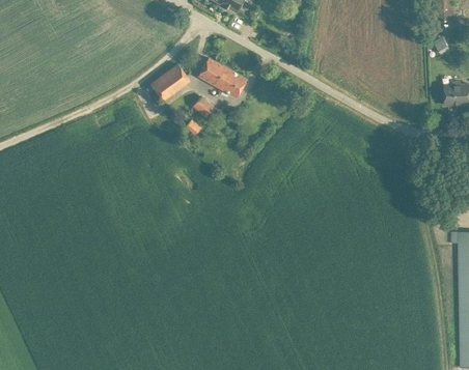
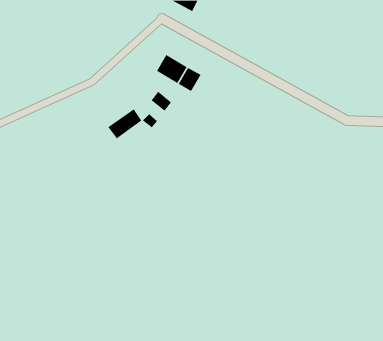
building: [149,64,186,96] -> [108,108,142,139]

